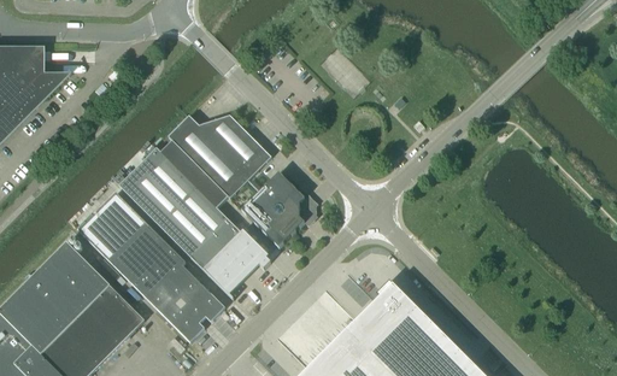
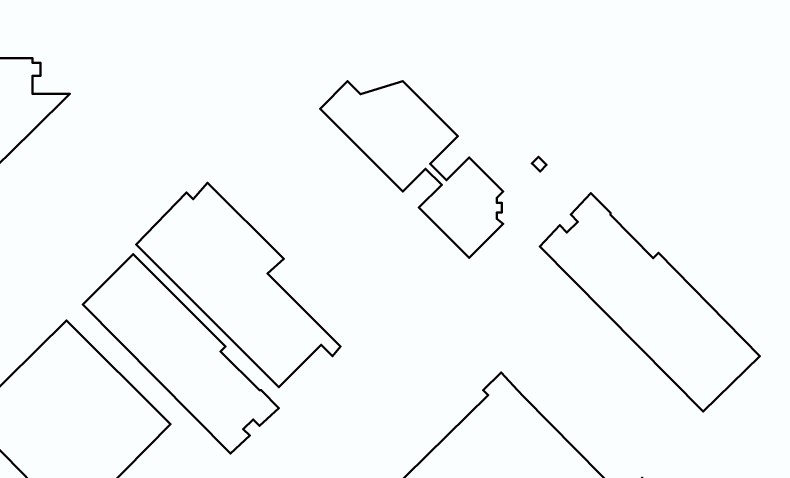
building: [169,114,305,246] -> [320,81,503,258]
building: none -> [540,193,760,412]

